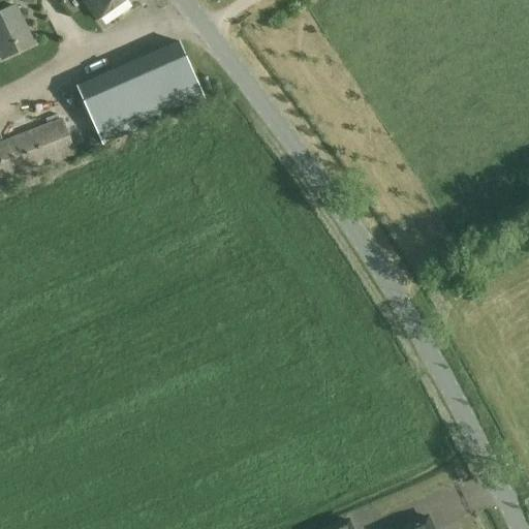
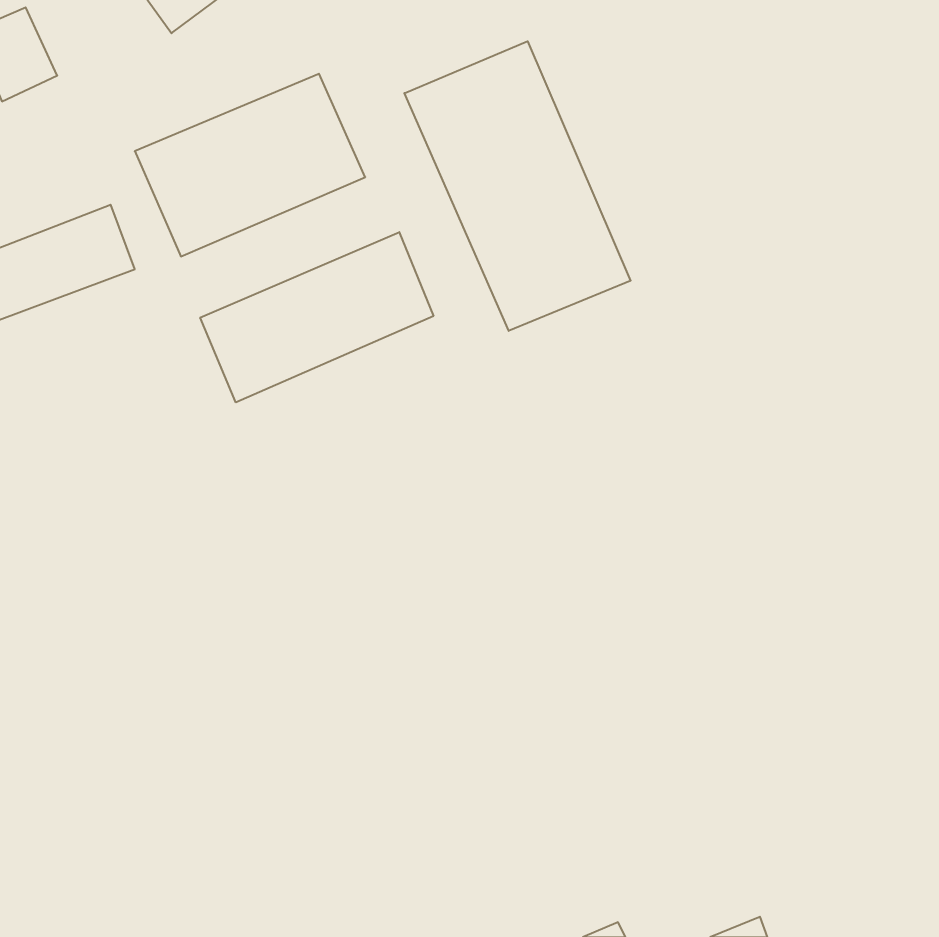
building: none -> [404,41,631,331]
building: none -> [200,232,433,402]

